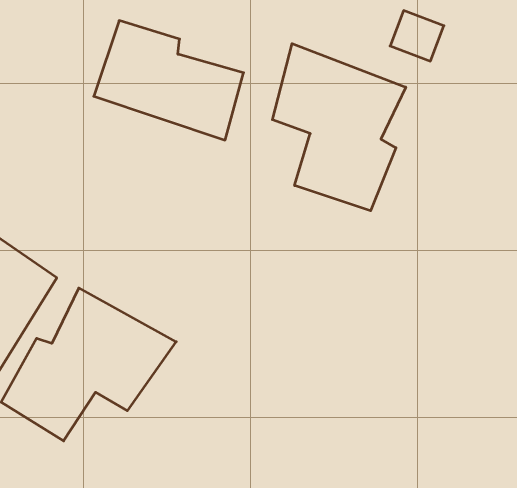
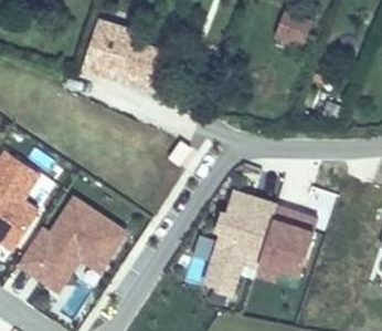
building: [272,44,406,211] -> none
building: none -> [199,189,316,301]

